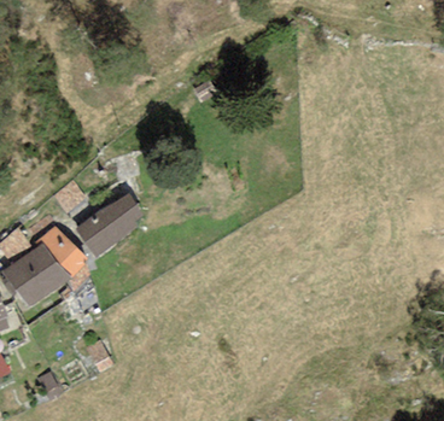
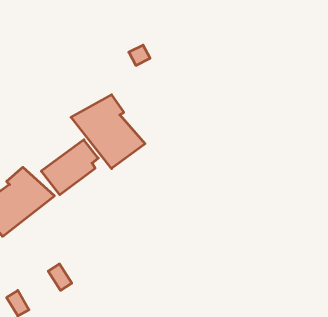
building: none -> [71,95,145,169]

